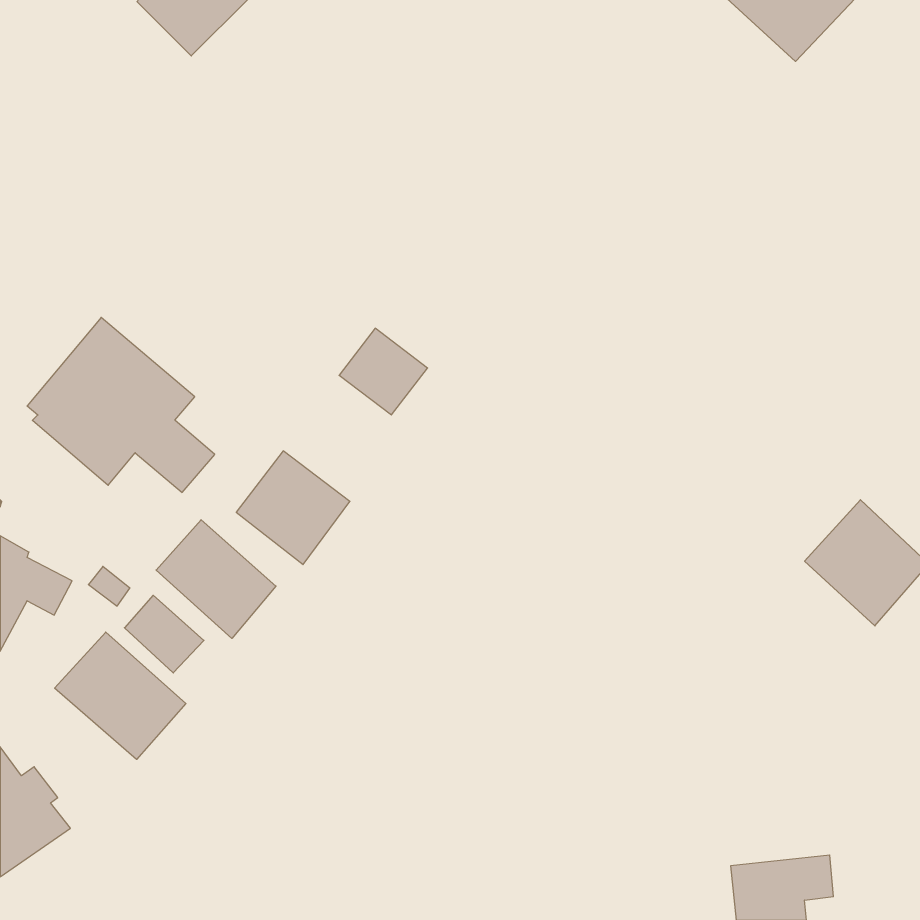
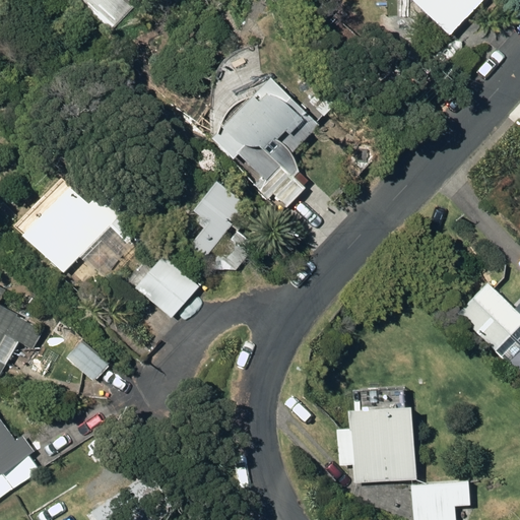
building: none -> [210,77,319,207]
building: [156,520,276,638] -> none
building: [55,632,186,759] -> none
building: none -> [339,409,410,482]

